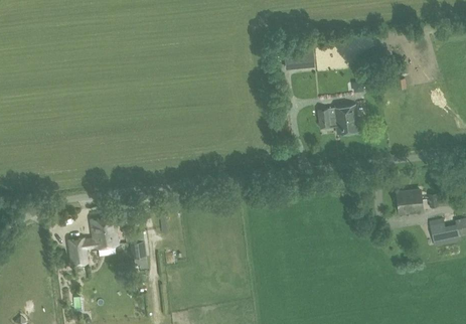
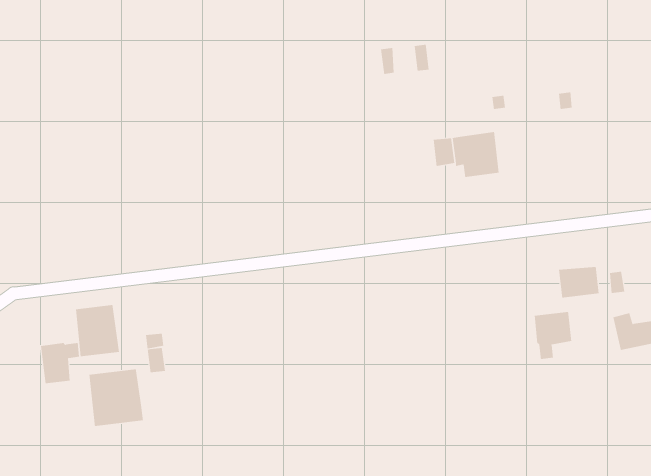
building: none -> [534,311,572,360]
building: none -> [89,369,144,427]

